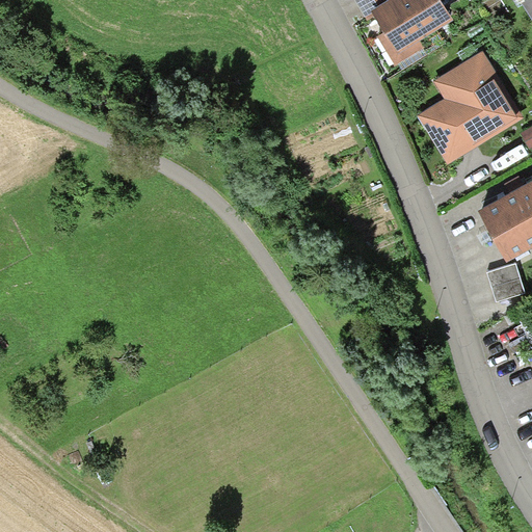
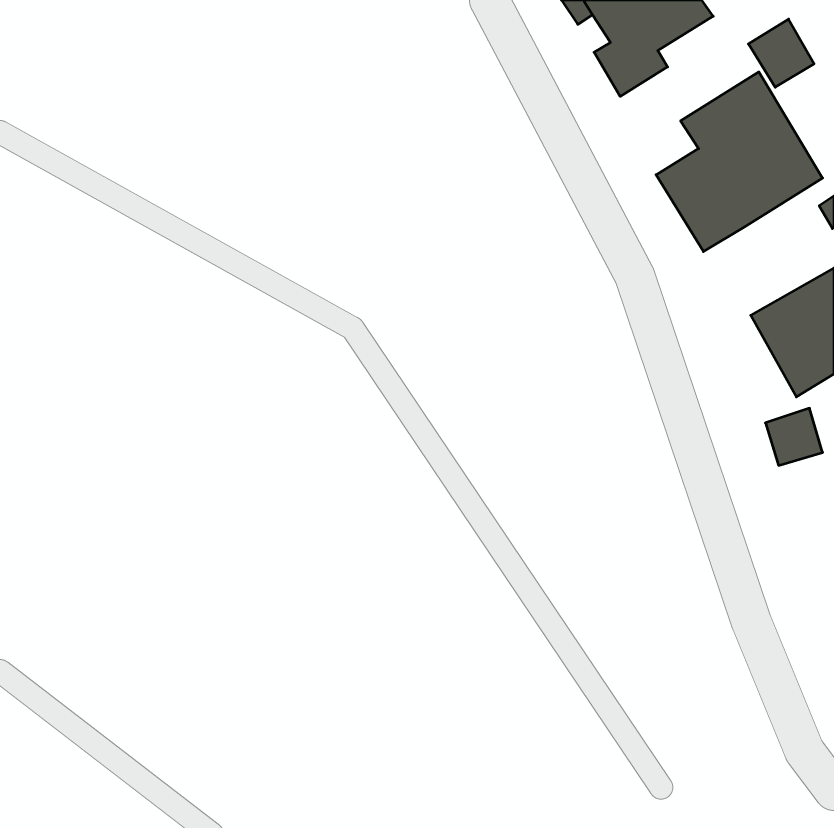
building: none -> [748,19,814,87]

